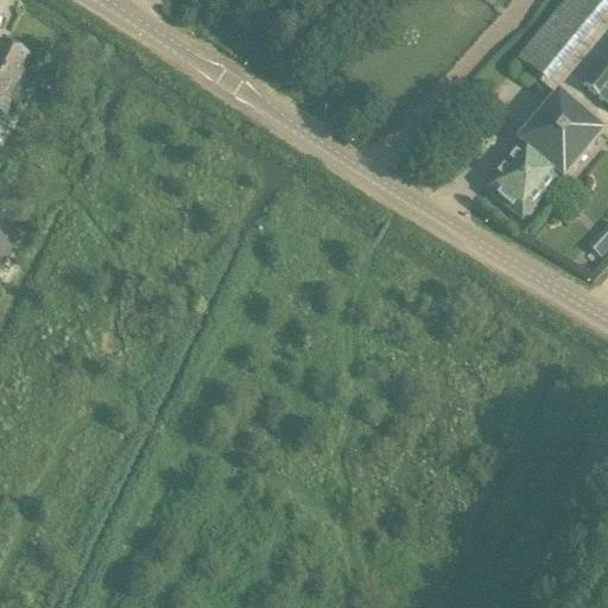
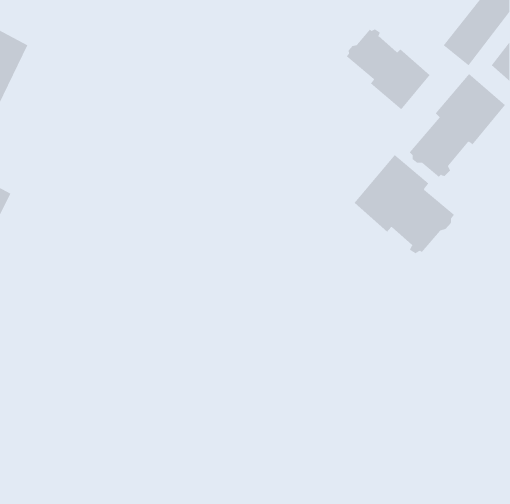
building: none -> [346,28,431,110]
building: none -> [354,154,455,254]

